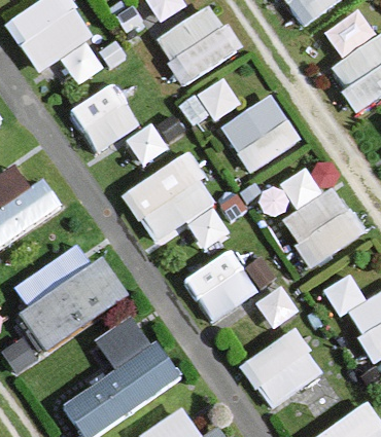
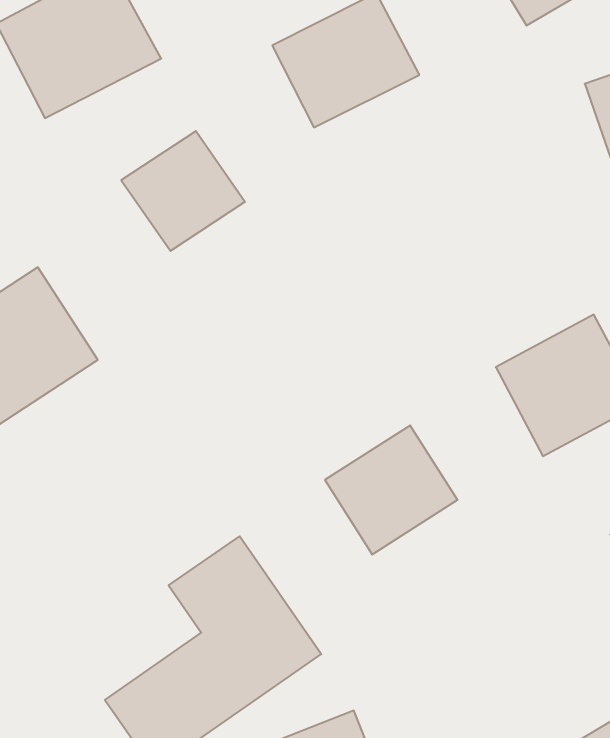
building: [218,93,301,173] -> none
building: [123,151,221,245] -> none
building: [20,259,130,351] -> none
building: [241,332,324,407] -> none

